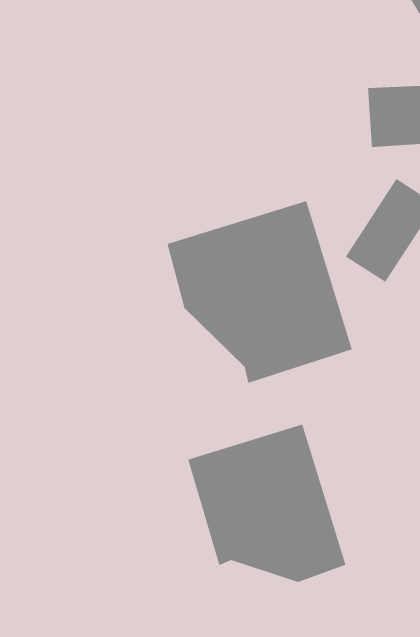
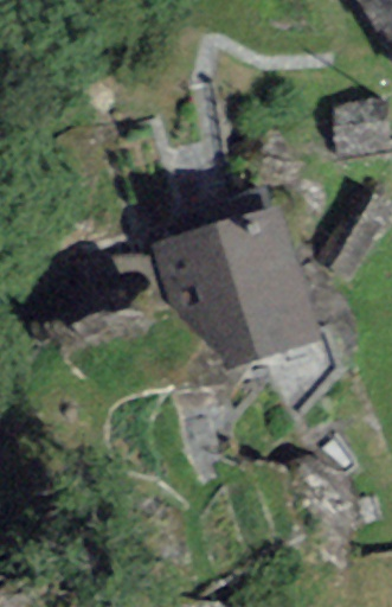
building: [187,423,346,583] -> none

